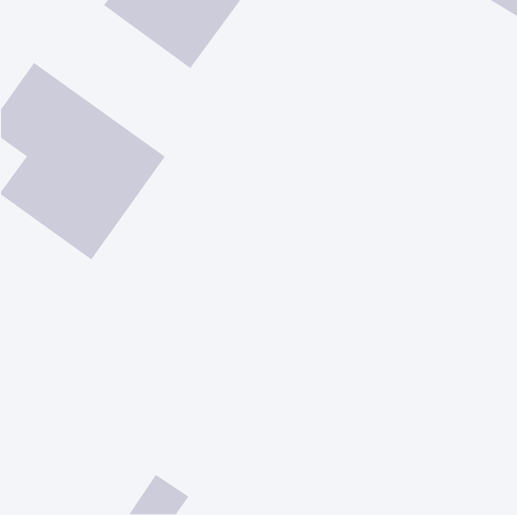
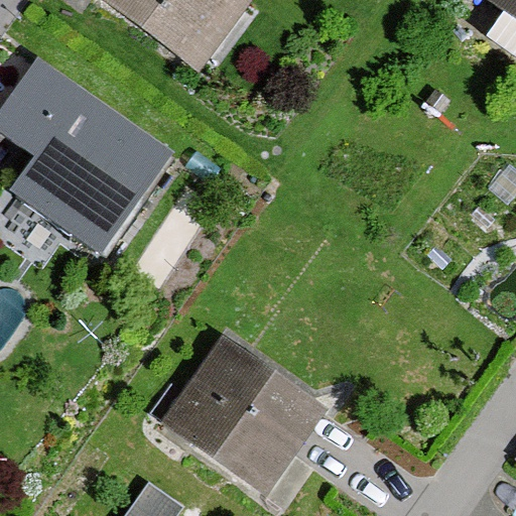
building: none -> [162,336,330,496]

